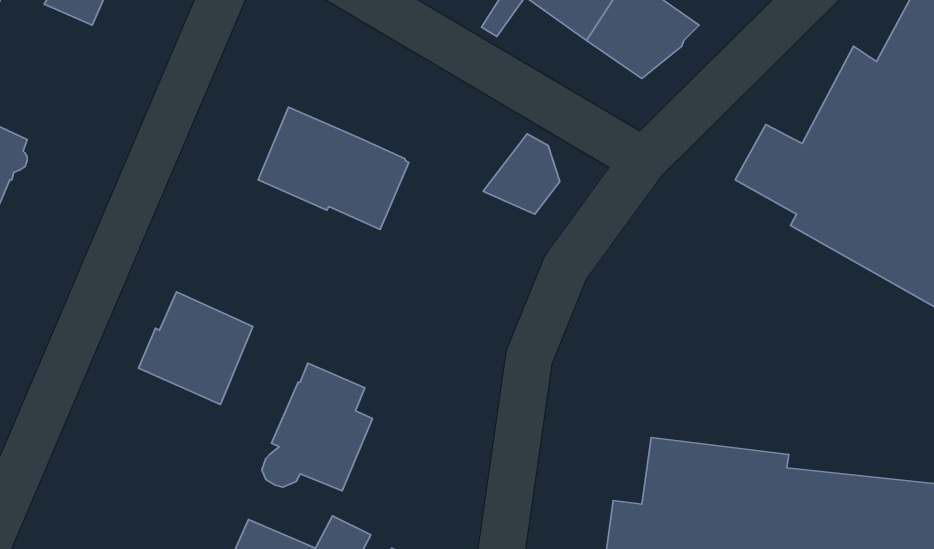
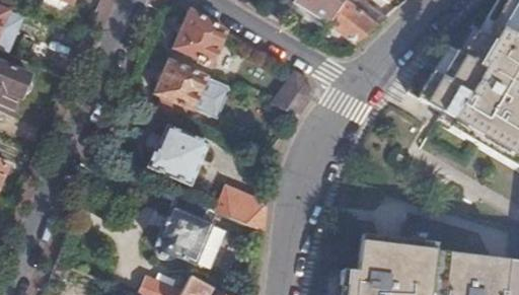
building: none -> [175,9,225,61]
building: [138,292,253,405] -> [148,125,209,185]
building: none -> [215,181,269,231]

